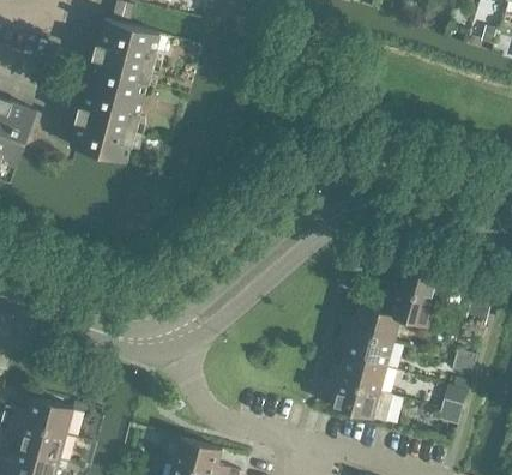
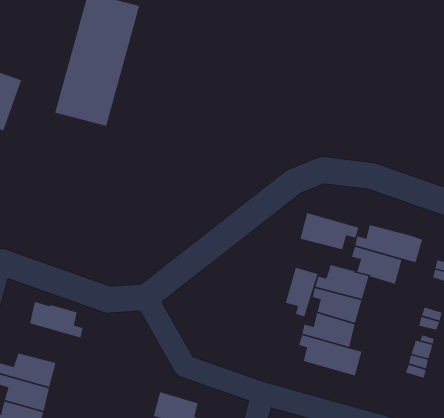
building: none -> [300,212,359,250]
building: none -> [285,267,318,317]
building: none -> [29,301,84,338]

